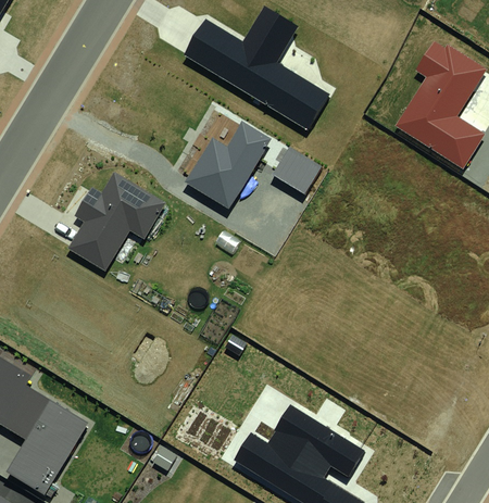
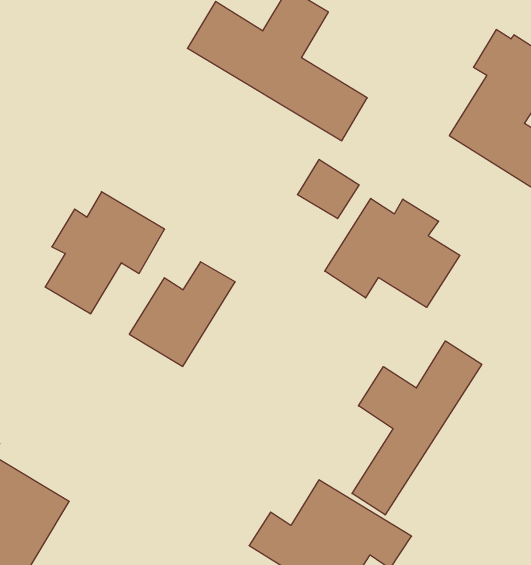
building: [184,123,269,208] -> [129,262,235,366]
building: none -> [325,198,460,307]
building: none -> [352,341,482,515]

